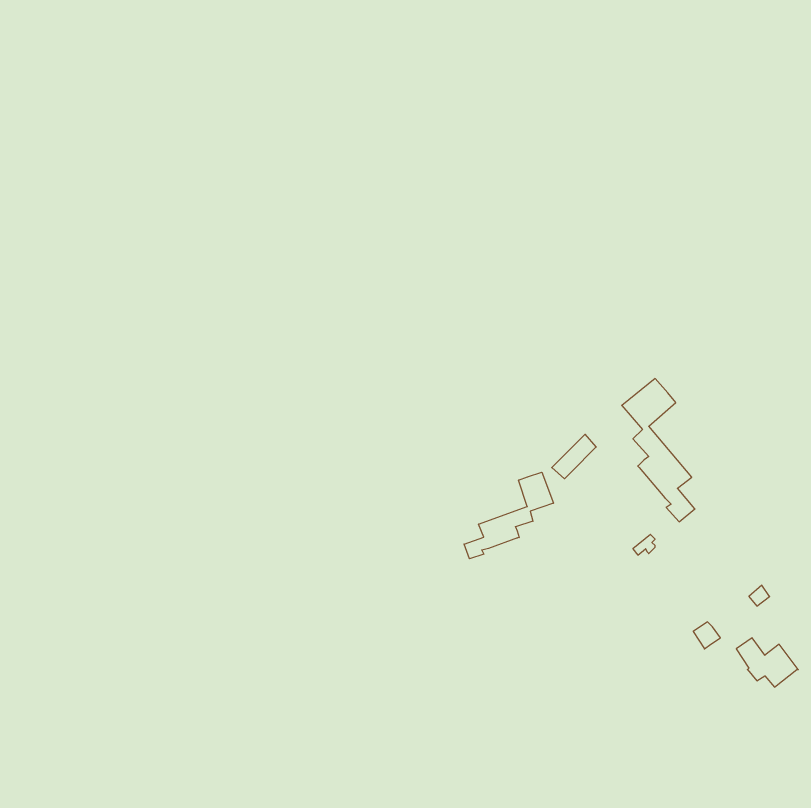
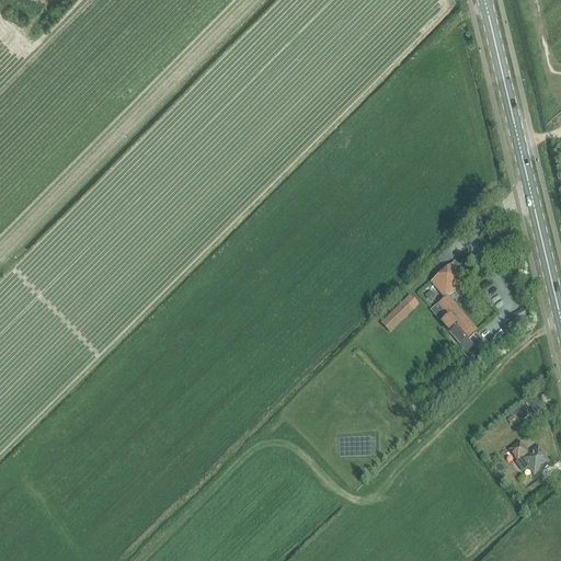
building: [464,472,553,559] -> none

